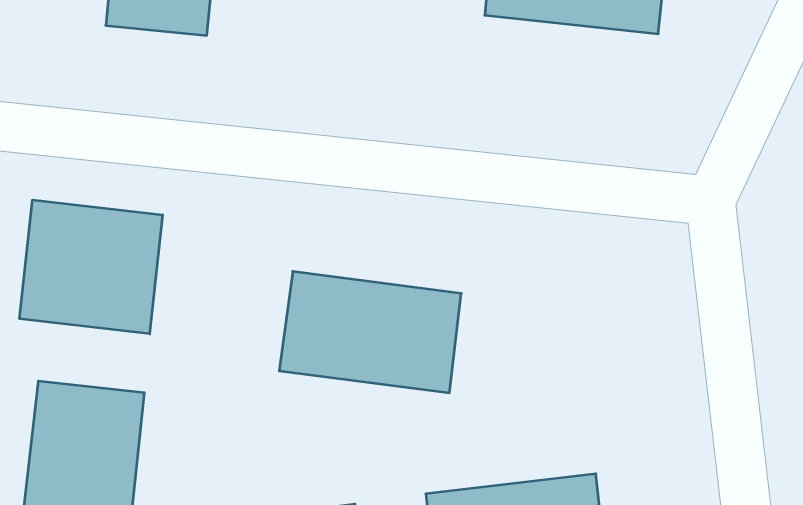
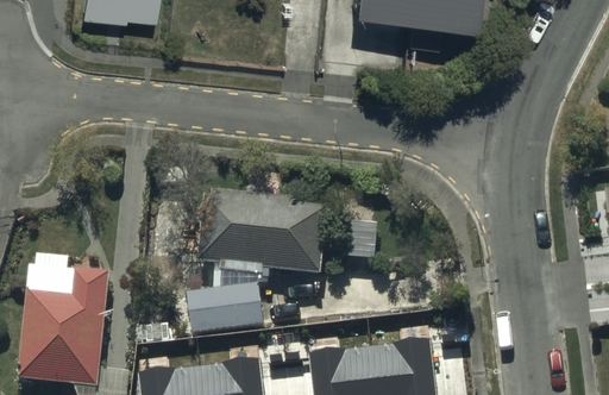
building: [20,200,163,334] -> none
building: none -> [186,283,260,332]

